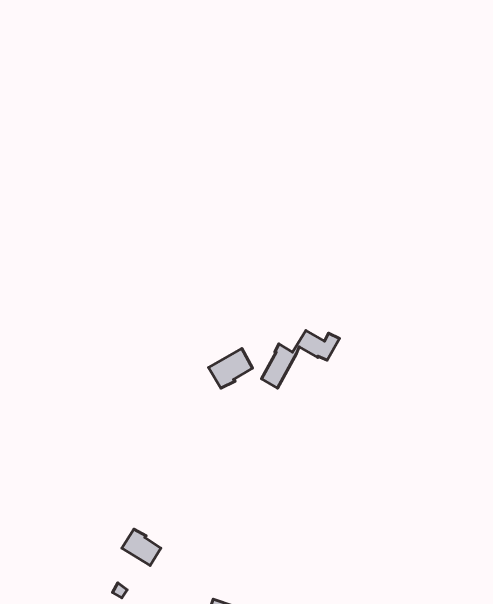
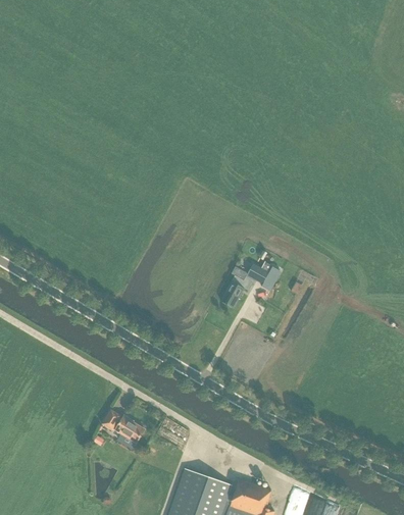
building: [209,349,253,388] -> none

